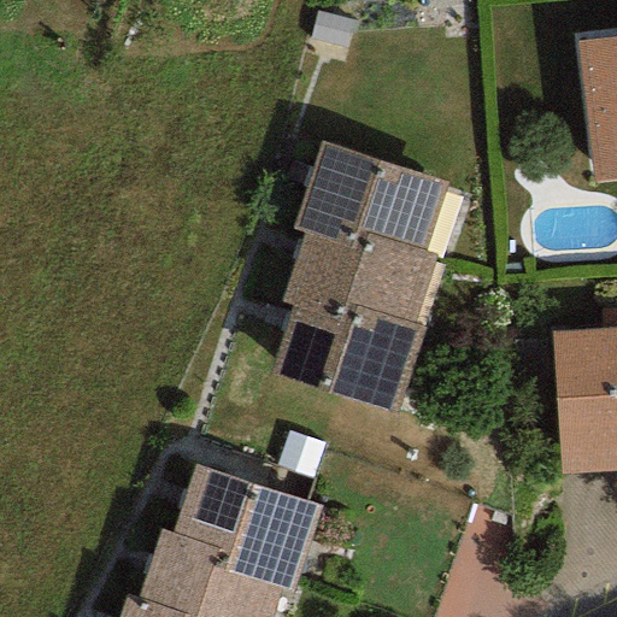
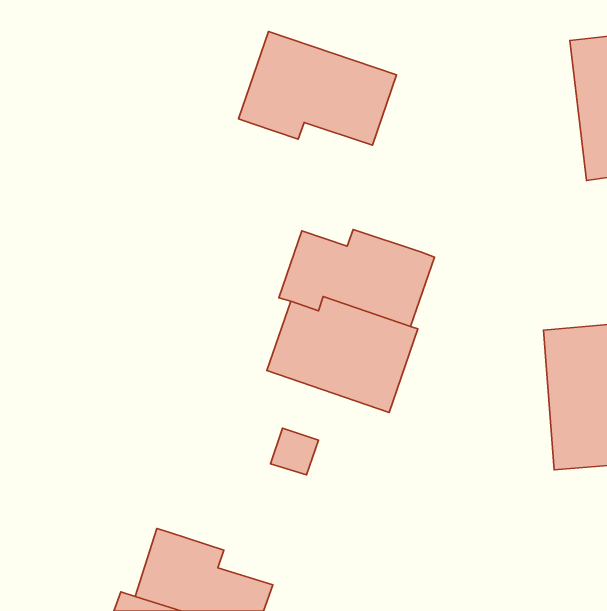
building: [294,140,453,254] -> [238,32,396,145]
building: [175,466,321,594] -> none

